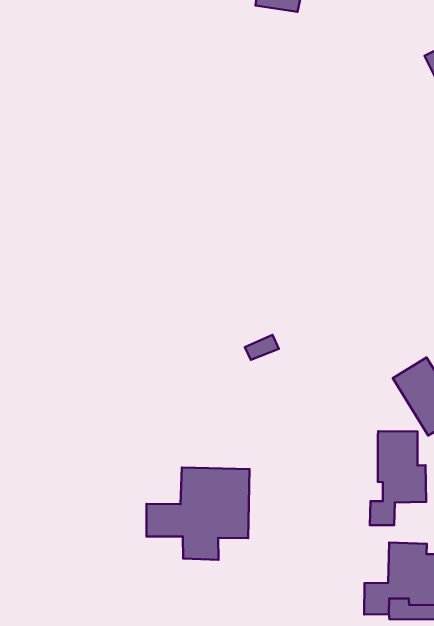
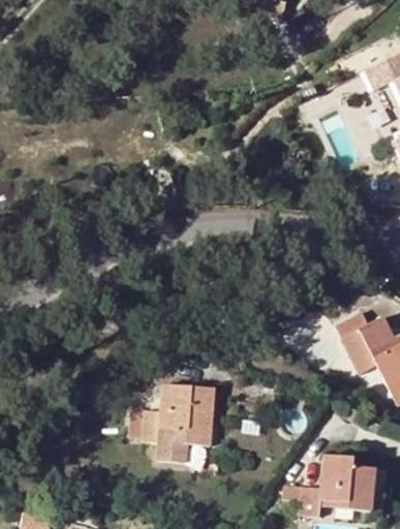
building: [370,431,426,525] -> none

